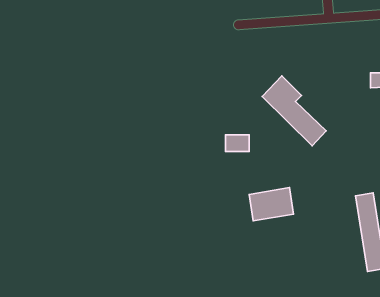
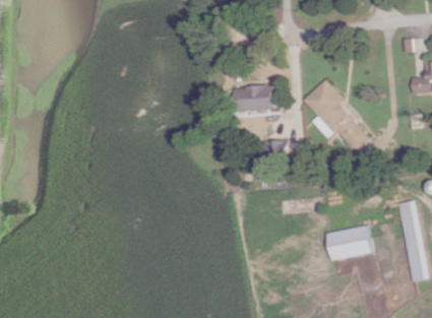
building: none -> [233,84,273,111]
building: [249,188,293,221] -> [326,227,372,261]

